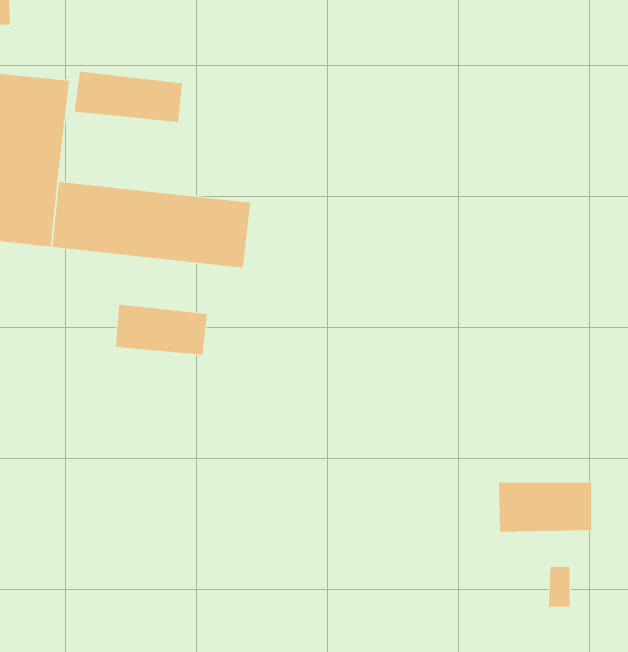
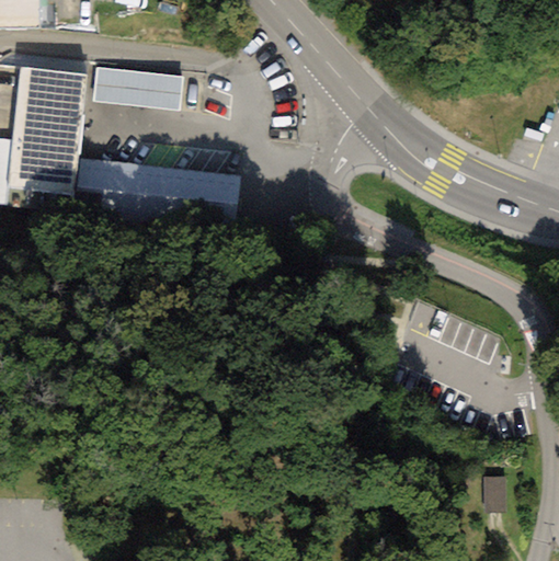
building: [115,304,207,355] -> none
building: [499,482,592,533] -> none

